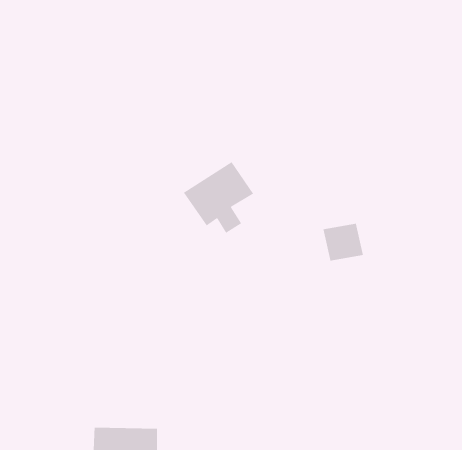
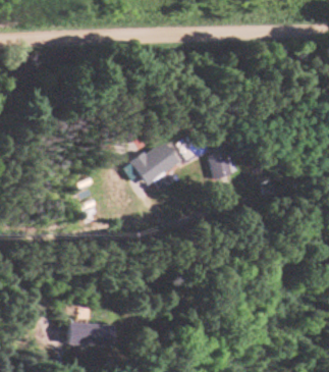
building: [322,223,364,261] -> [209,151,237,177]

